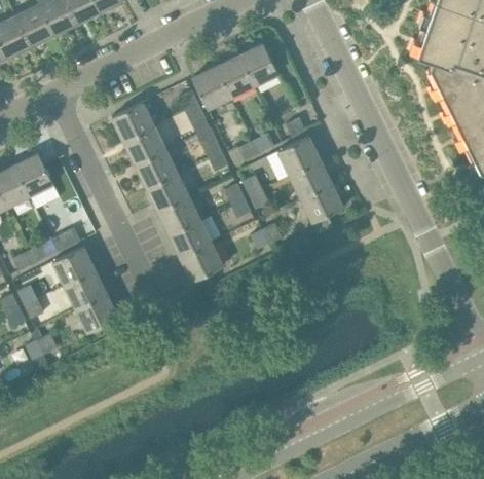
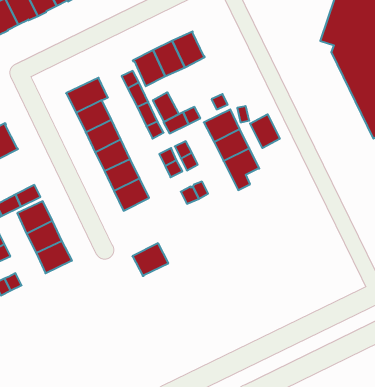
building: none -> [153,92,179,122]
building: none -> [250,114,280,148]
building: [181,243,224,282] -> [132,243,168,276]

